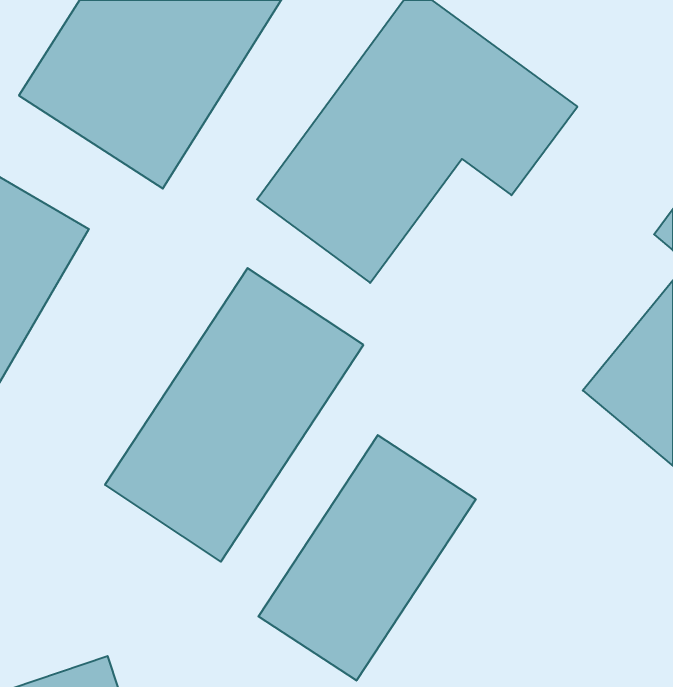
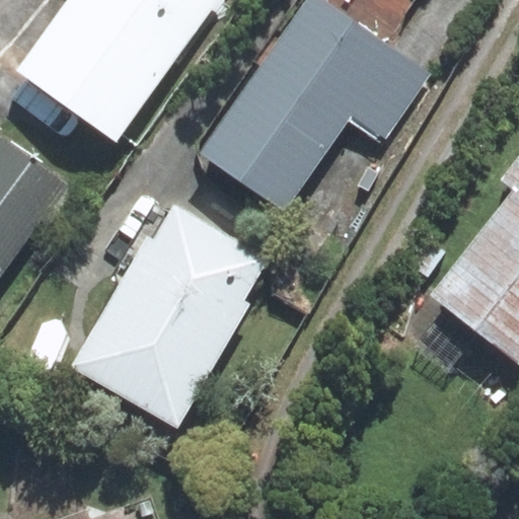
building: [258,435,476,681] -> none

